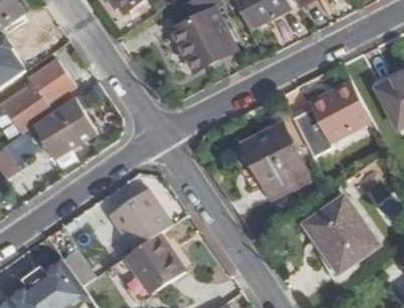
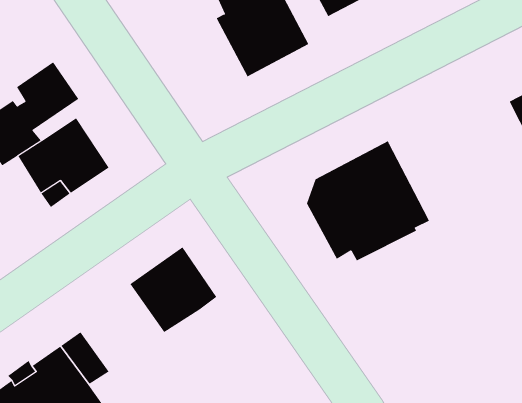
building: [292,82,371,158] -> none
building: [305,197,378,272] -> none
building: [126,234,185,294] -> none

